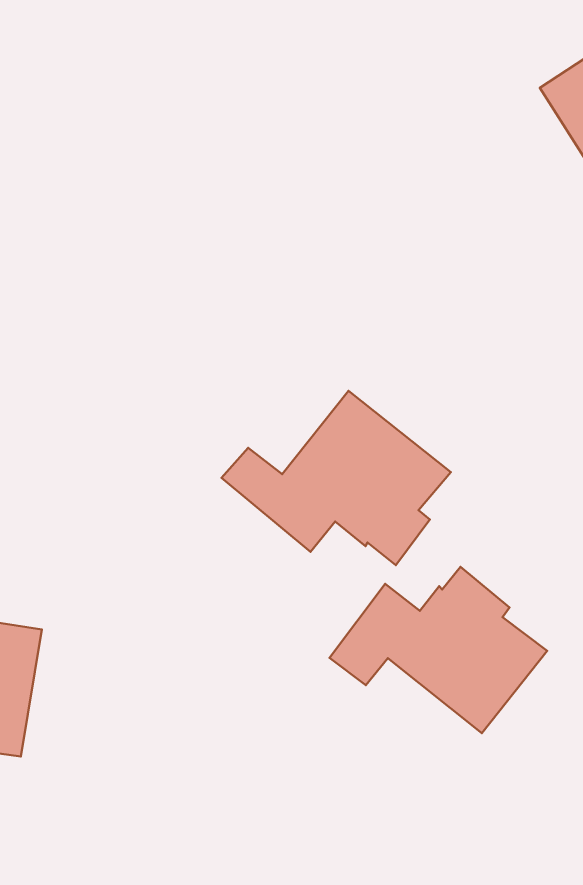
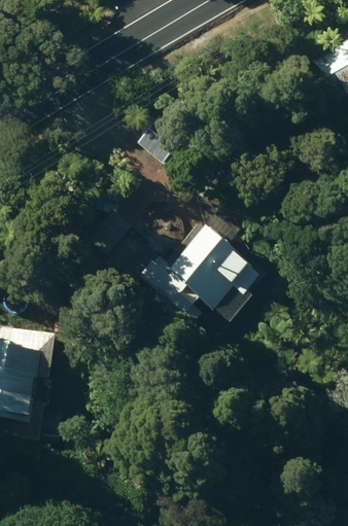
building: [330,567,547,733] -> none

